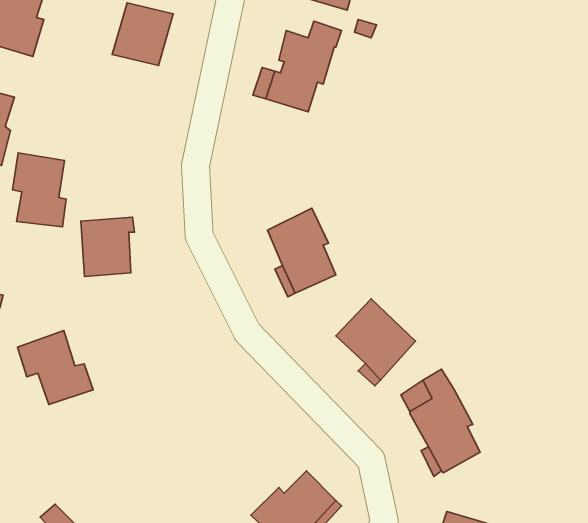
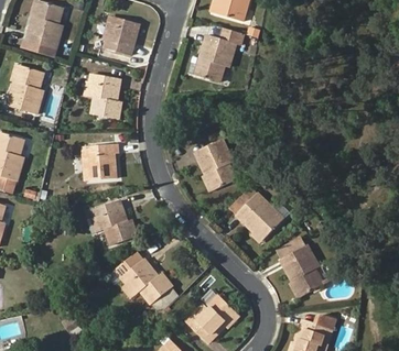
building: [13,153,66,227] -> [89,74,121,118]
building: [18,331,93,405] -> [93,200,138,244]
building: none -> [121,260,173,304]

